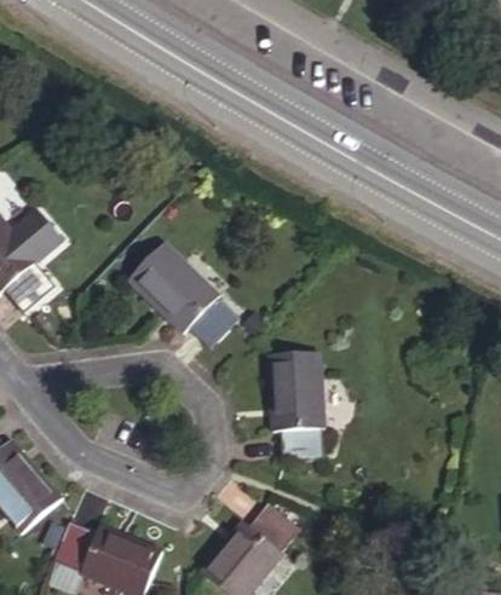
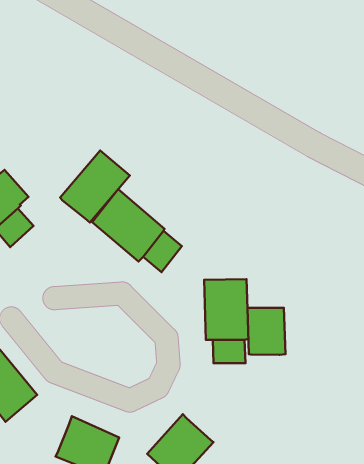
building: none -> [60,151,130,222]
building: none -> [247,308,285,355]
building: [246,501,296,553] -> none
building: [56,520,98,568] -> none

